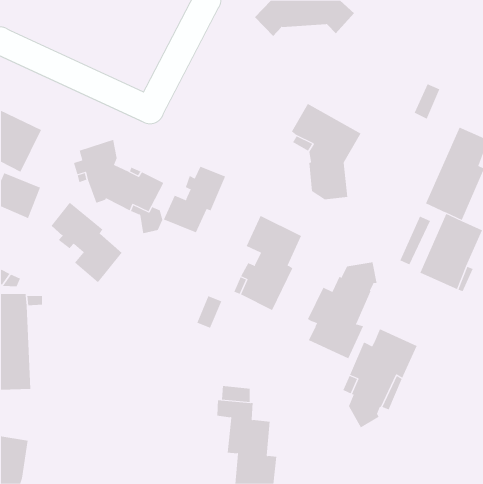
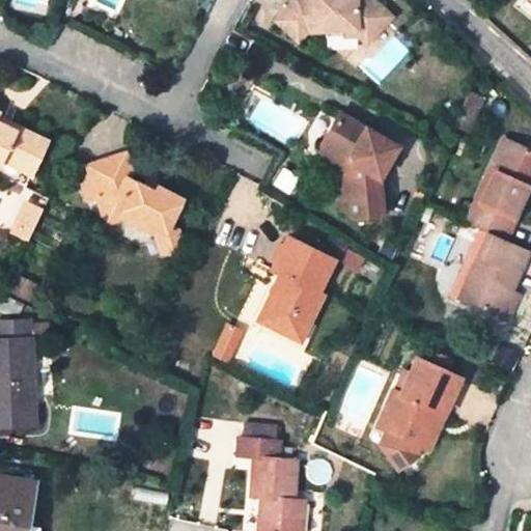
building: [163,166,226,233] -> none
building: [51,202,123,283] -> none
building: [307,261,377,359] -> none

